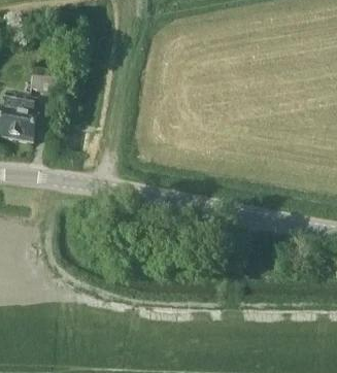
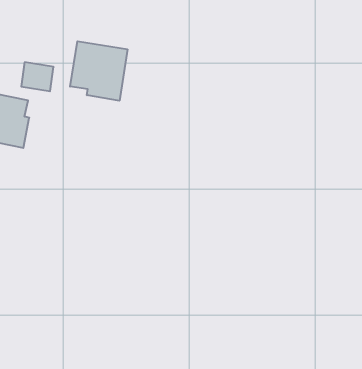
building: none -> [70,41,127,101]

